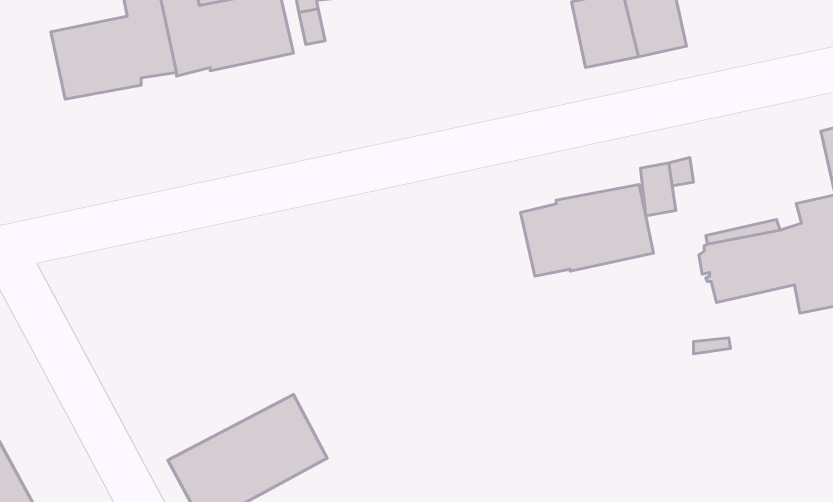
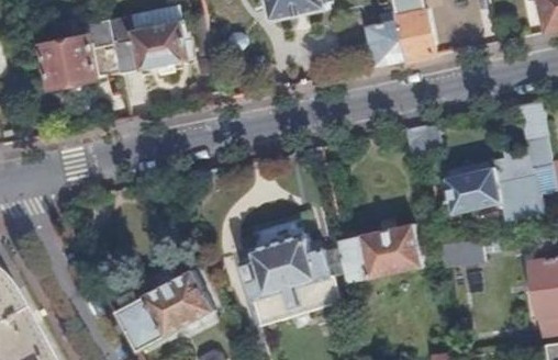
building: [521,184,653,276] -> [342,224,424,281]
building: none -> [246,233,342,324]

